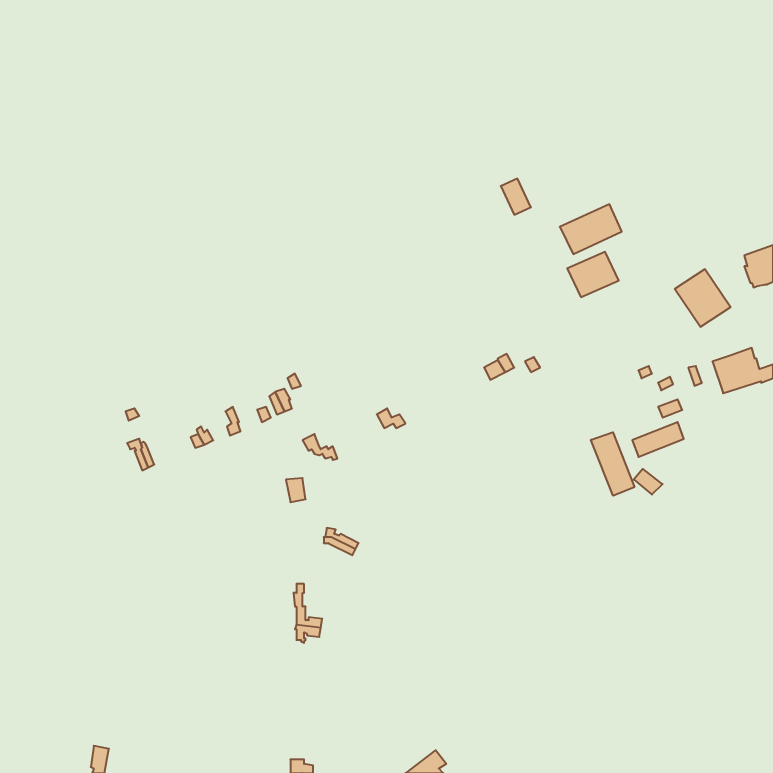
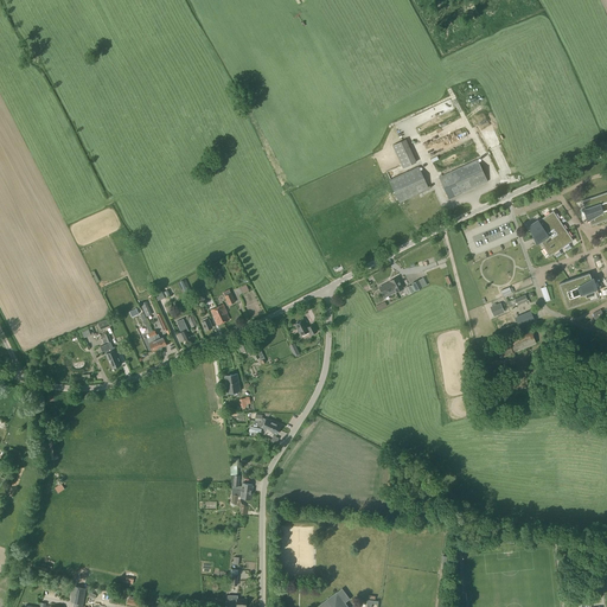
building: [567,252,619,297] -> [389,167,429,203]
building: [591,432,634,496] -> none

